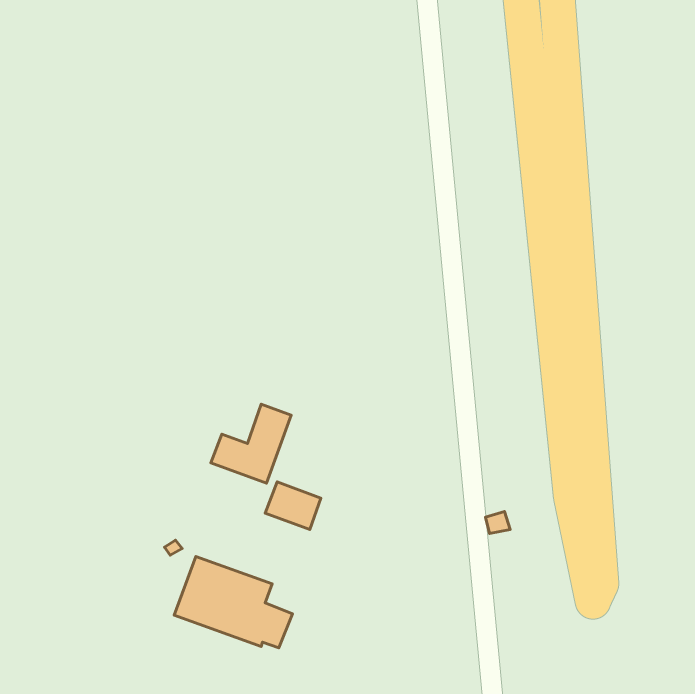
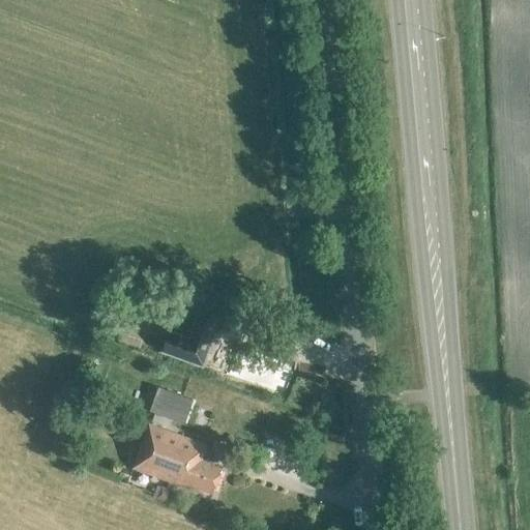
building: [265,482,321,529] -> [149,386,192,422]

